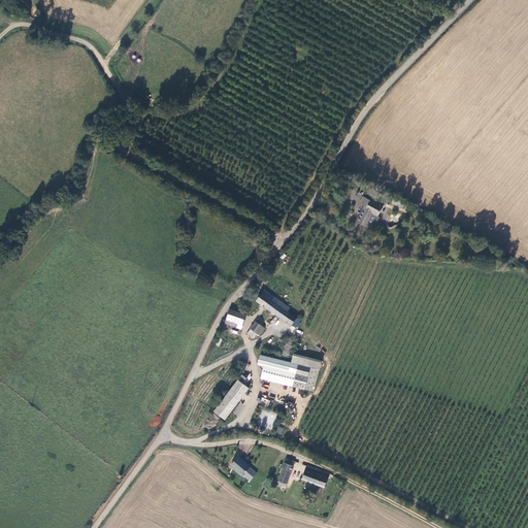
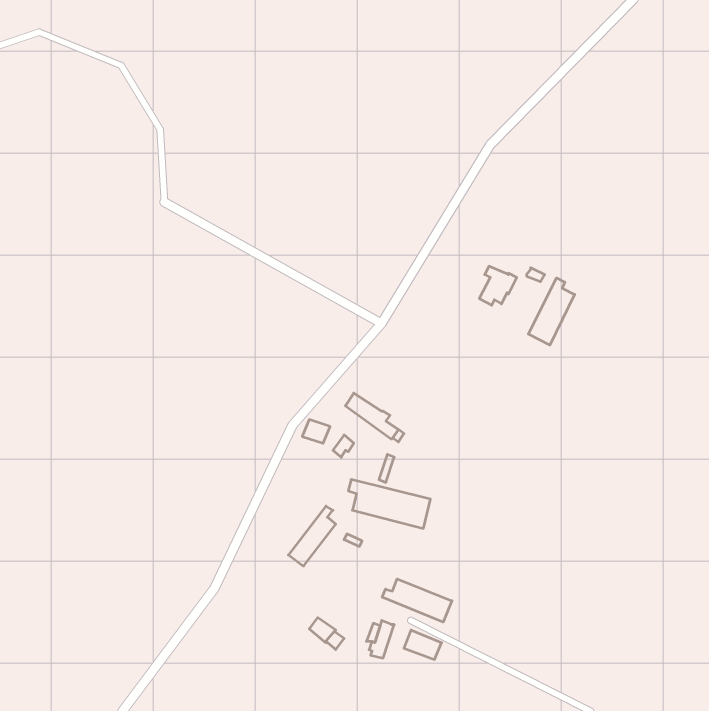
building: none -> [528,278,575,345]
building: none -> [382,579,452,622]

